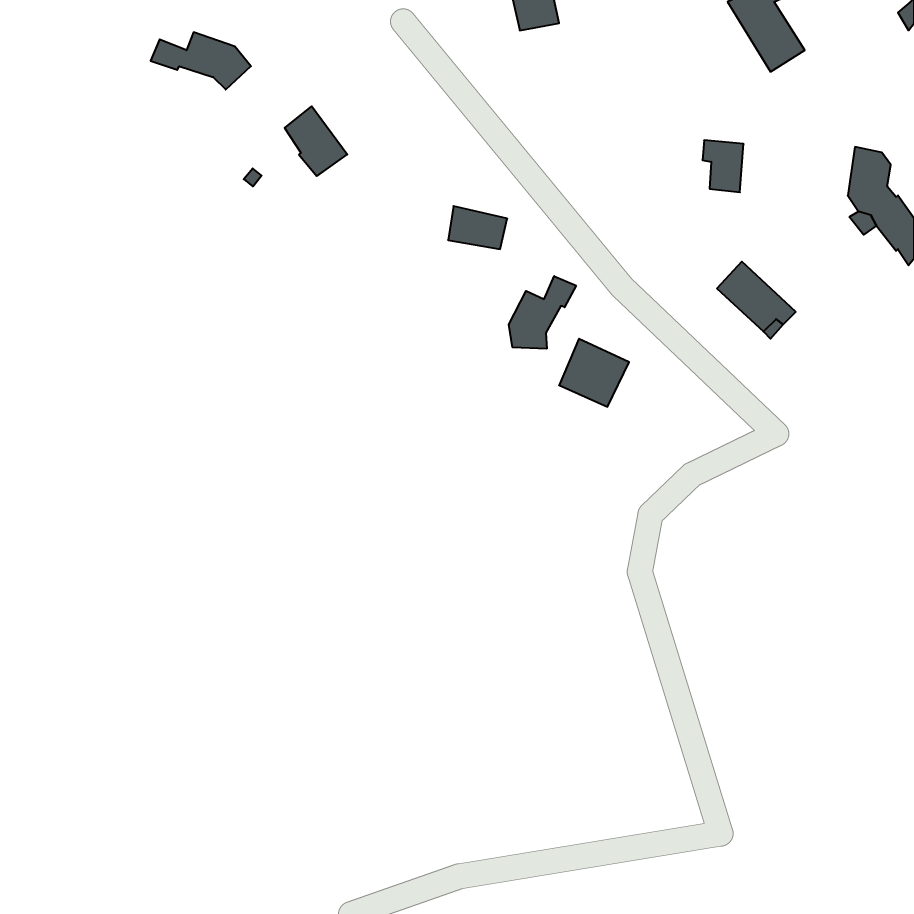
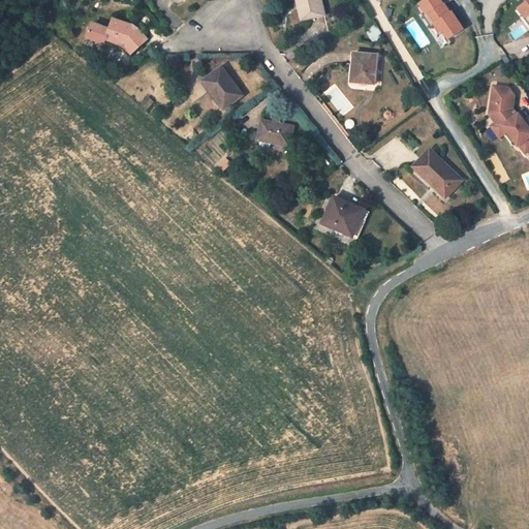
building: [285,106,347,176] -> [205,66,241,106]
building: [702,140,744,192] -> [350,53,374,83]
building: [509,276,576,349] -> none

